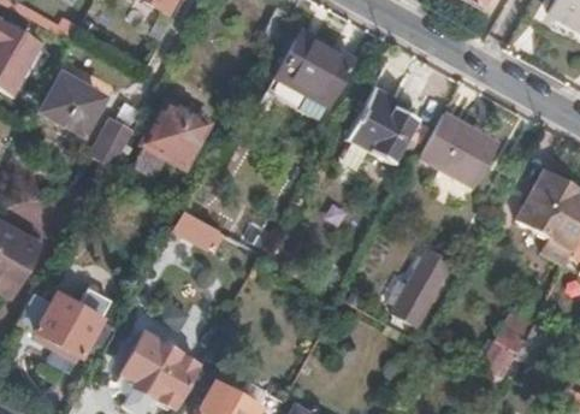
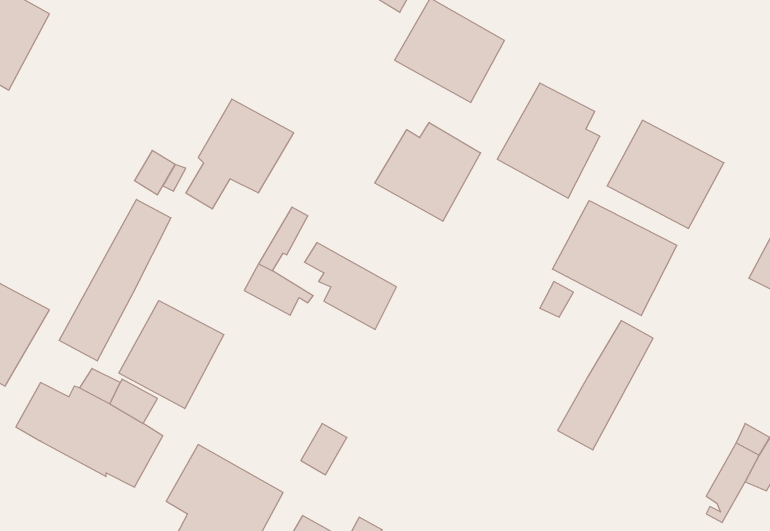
building: [42,75,101,132] -> none
building: none -> [375,122,481,221]
building: none -> [59,199,171,361]
building: none -> [552,201,677,316]
building: none -> [119,301,224,409]

